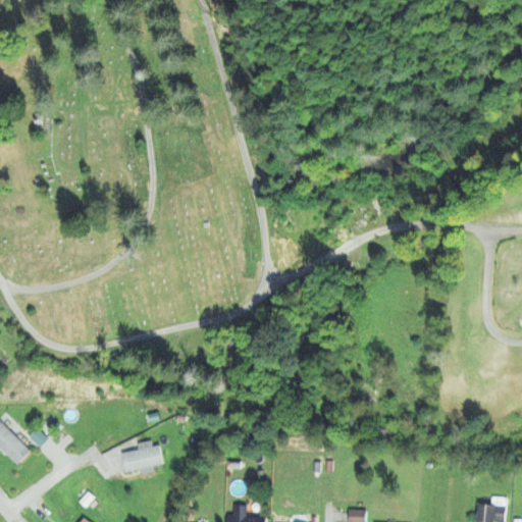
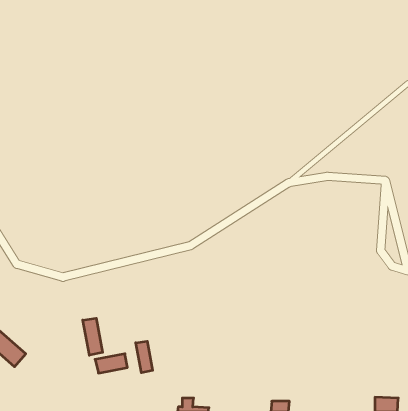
building: none -> [83,318,103,355]
building: none -> [136,341,153,373]

